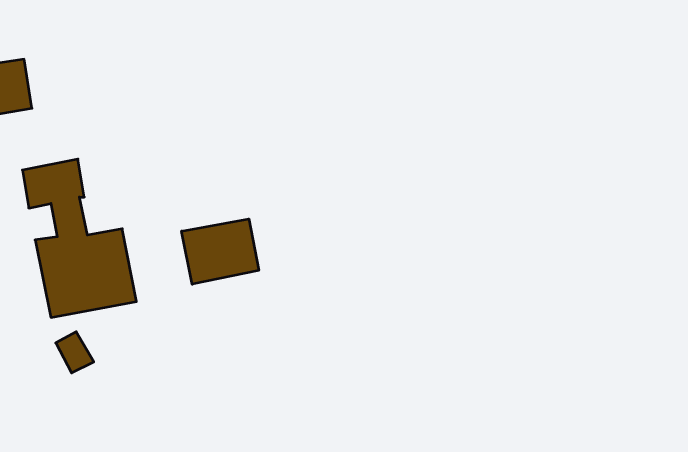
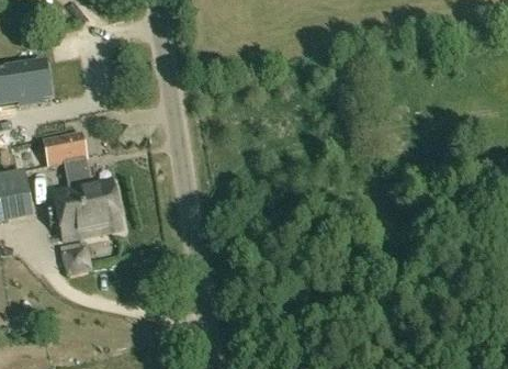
building: [182,219,259,284] -> none

